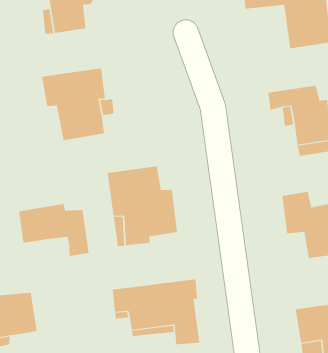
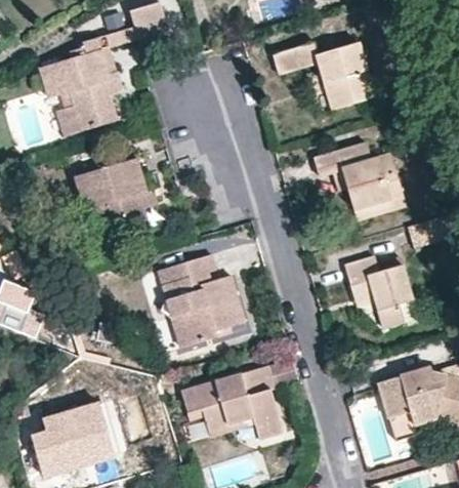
building: [19,203,89,257] -> none

